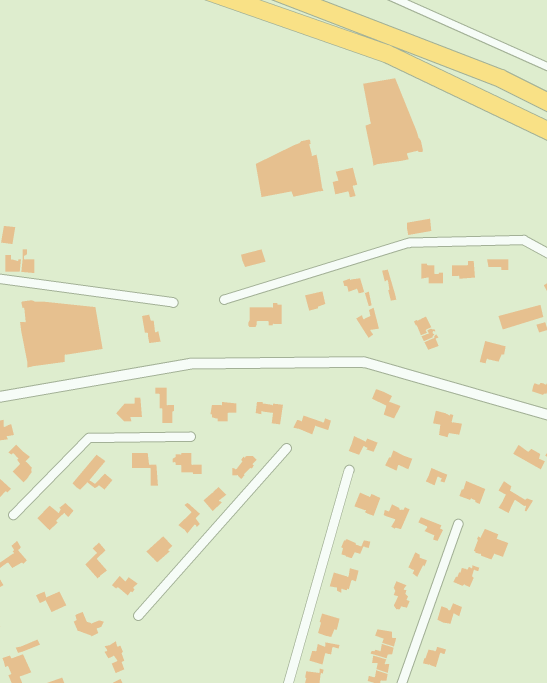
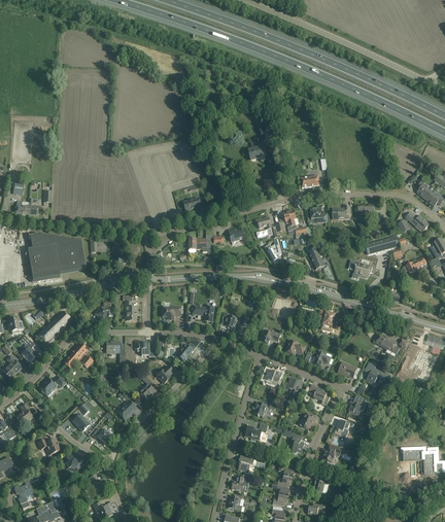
building: [362,78,423,167] -> none
building: [255,139,324,198] -> none
building: none -> [36,310,70,344]

